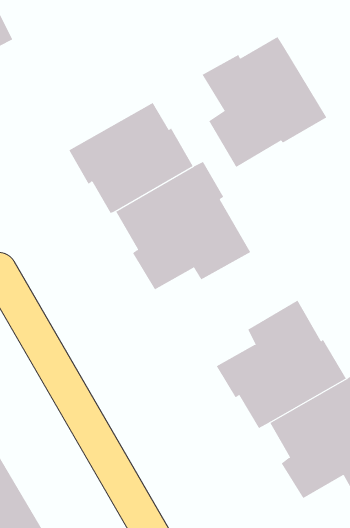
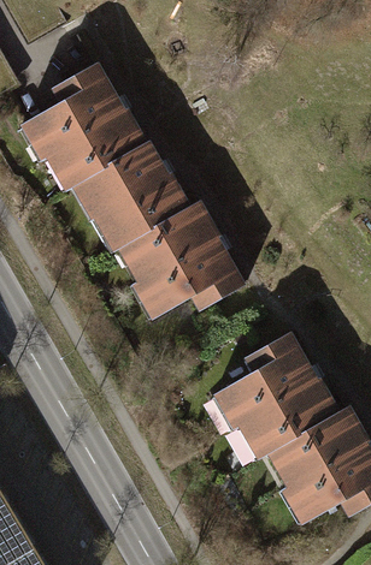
building: none -> [16,60,148,190]
building: [202,36,327,168] -> none

